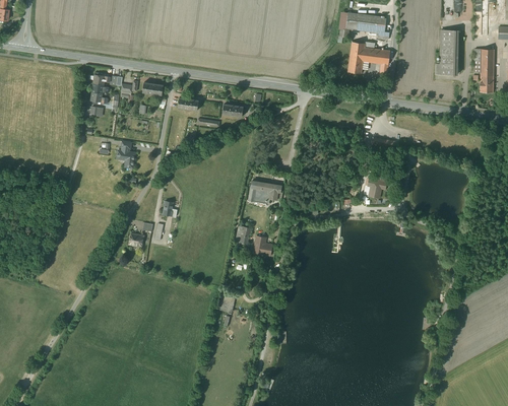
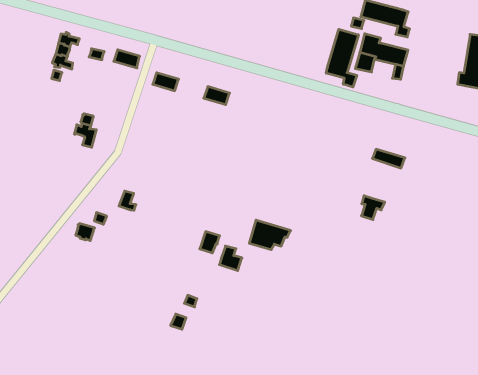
building: none -> [326,29,358,87]
building: [249,181,282,204] -> [249,220,291,250]

